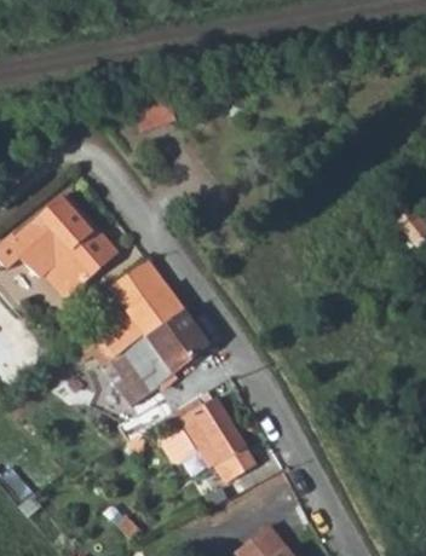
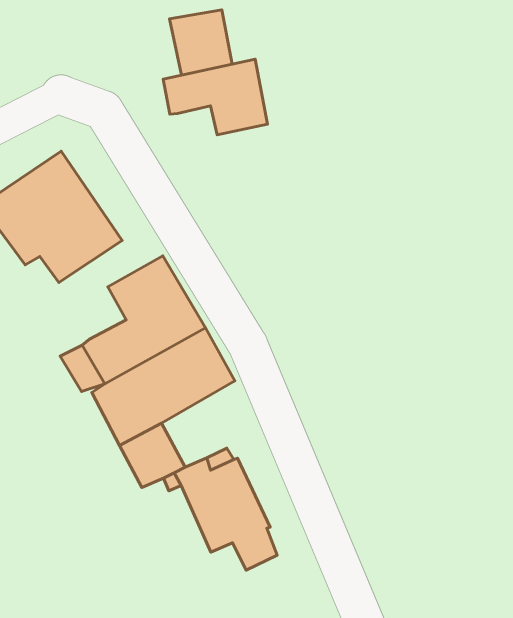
building: none -> [163,59,268,135]

